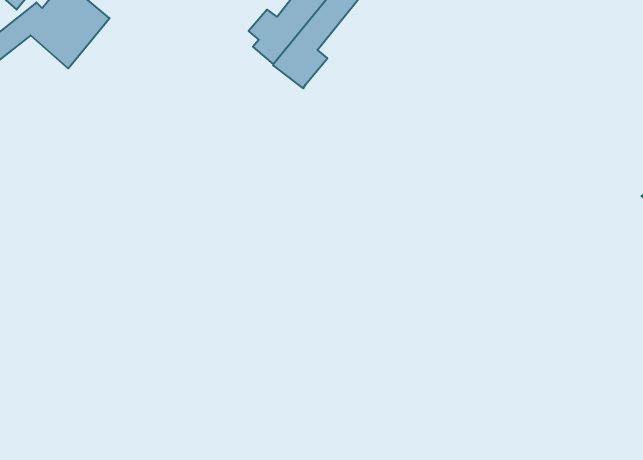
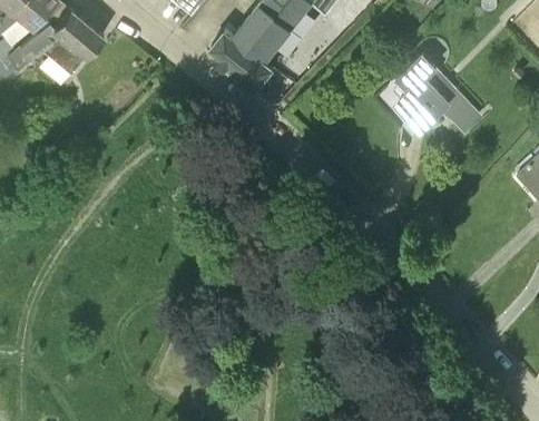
building: none -> [396,56,482,130]

